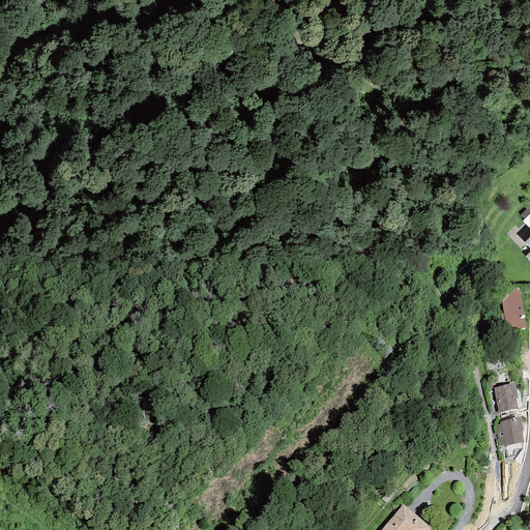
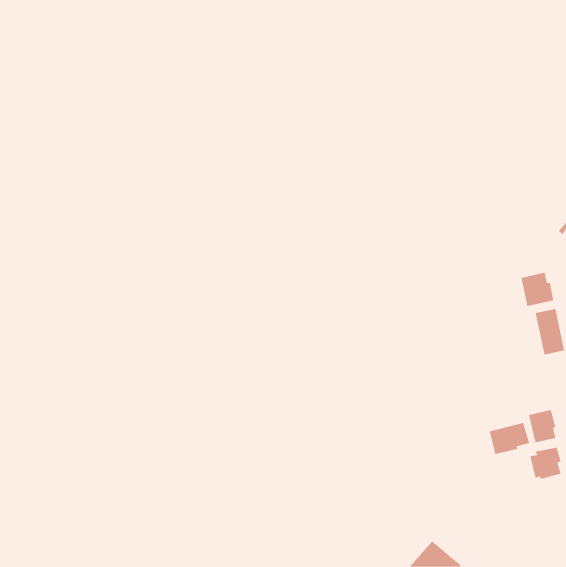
building: none -> [521,272,554,307]
building: none -> [489,422,530,455]

